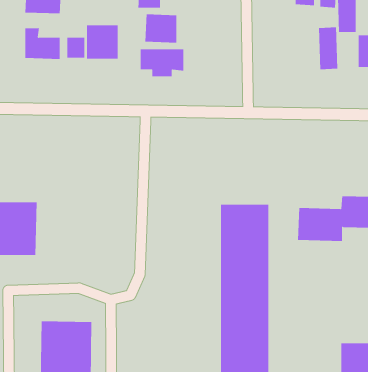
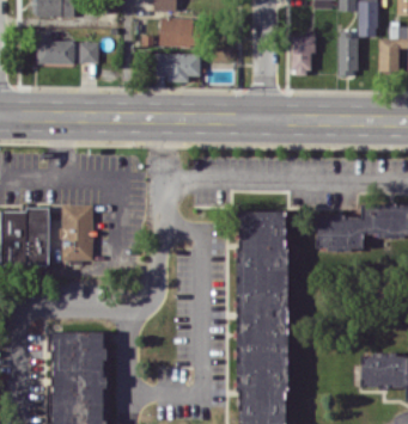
building: [86,25,118,59] -> none
building: none -> [292,36,317,74]
building: none -> [61,204,93,260]

